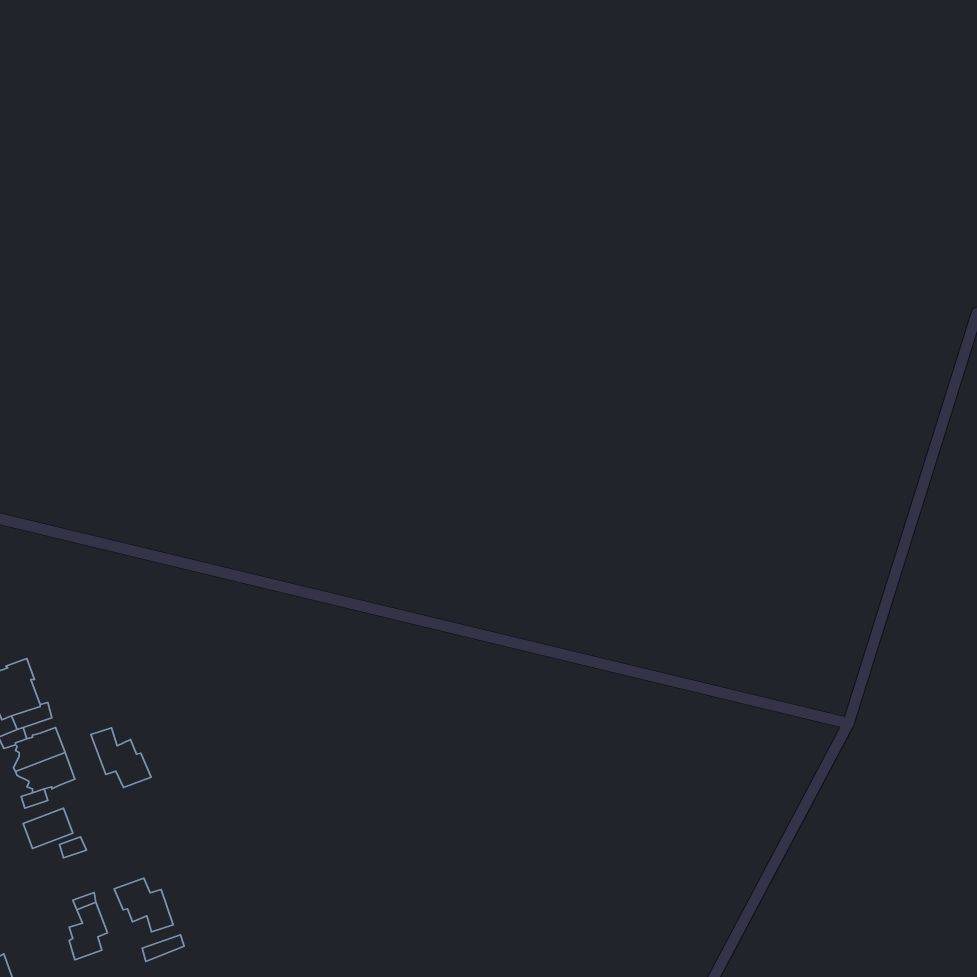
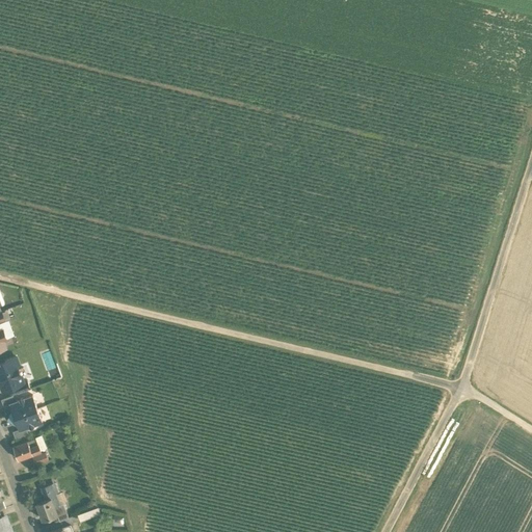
building: [91,728,151,788] -> none
building: [114,878,173,932] -> none

